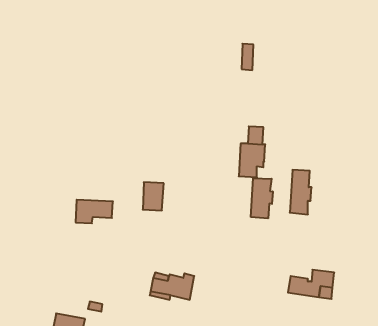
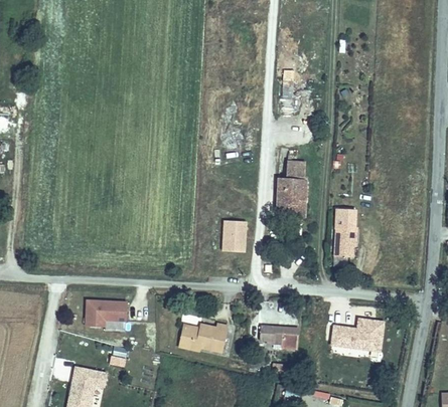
building: [251,178,273,218] -> none
building: [143,182,164,210] -> [222,219,246,250]
building: [76,200,113,223] -> [86,300,127,327]
building: none -> [260,326,299,352]

